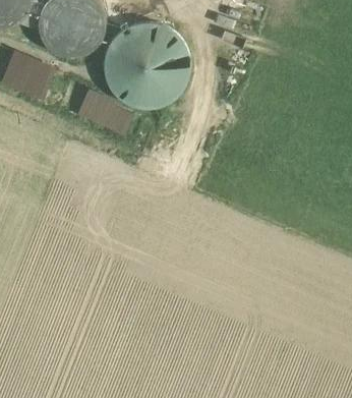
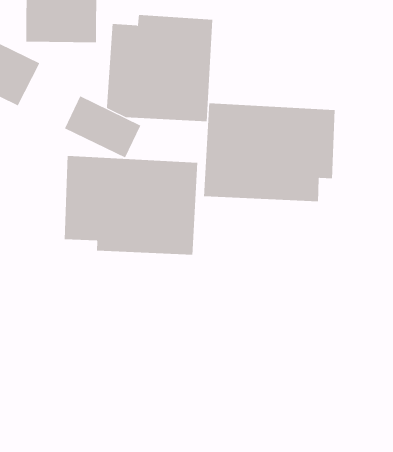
building: none -> [204,103,335,202]
building: none -> [64,155,198,256]

